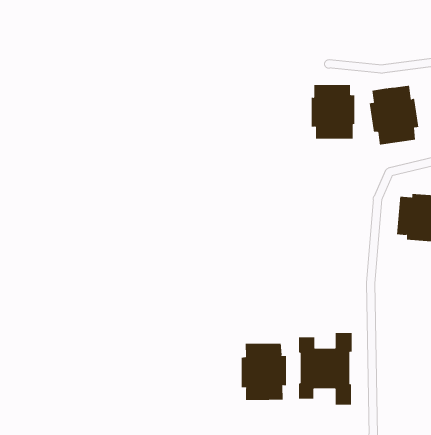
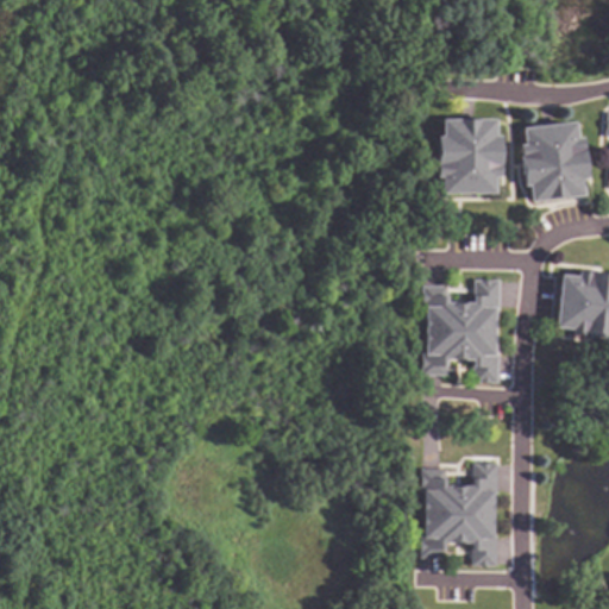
building: none -> [425,281,501,382]
building: [241,343,286,401] -> none

